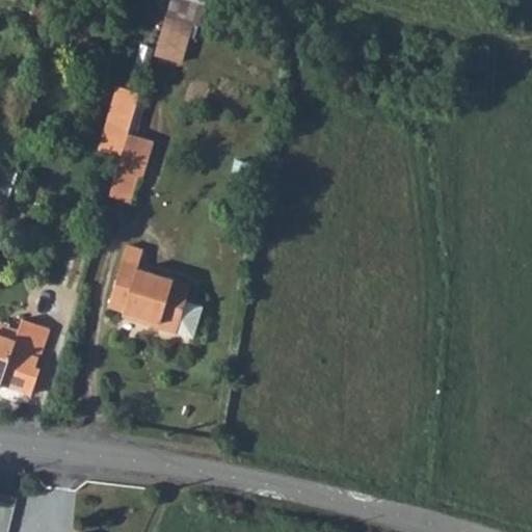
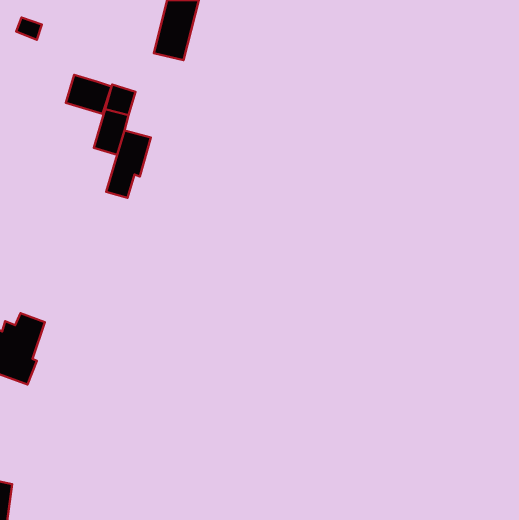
building: none -> [66,75,112,114]
building: [107,246,200,338] -> none

